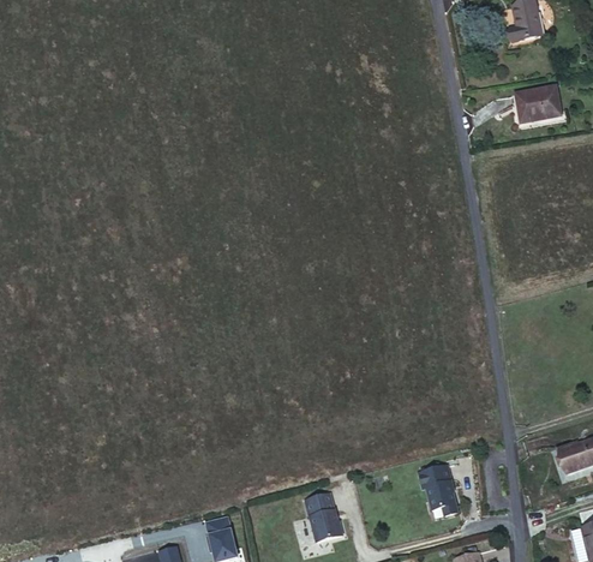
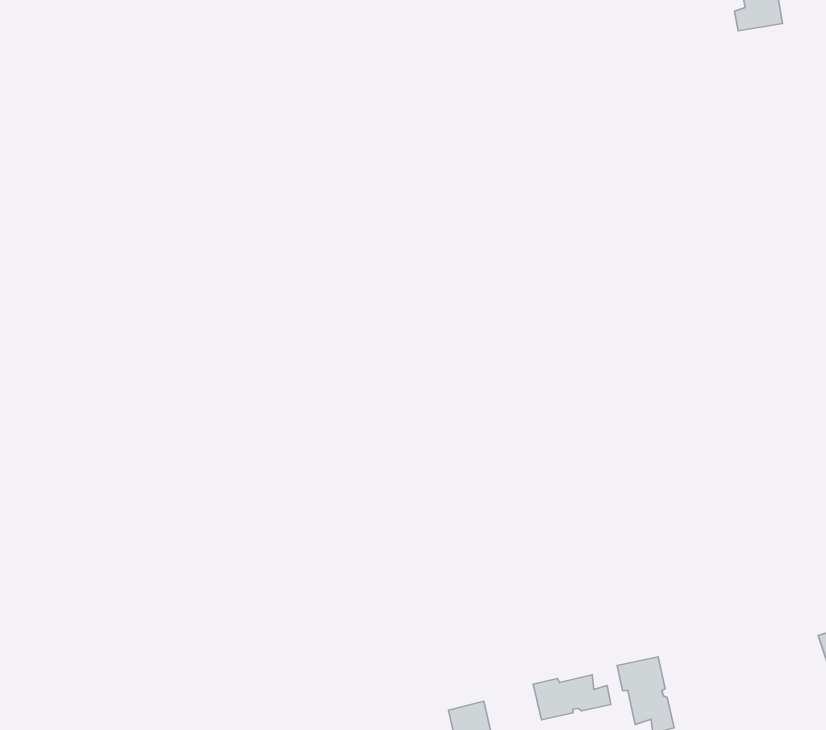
building: [508,89,556,130] -> none
building: none -> [533,675,611,720]

